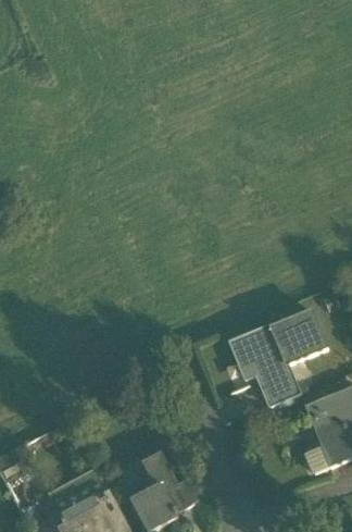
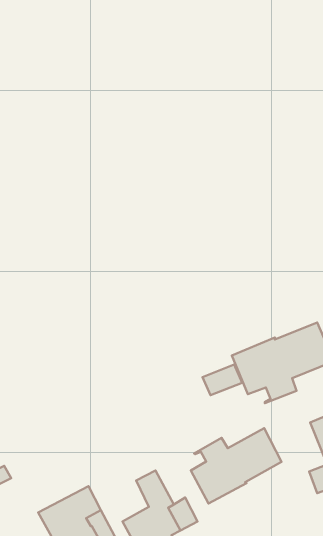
building: [262,375,300,405] -> [202,365,242,395]
building: none -> [191,428,282,504]

